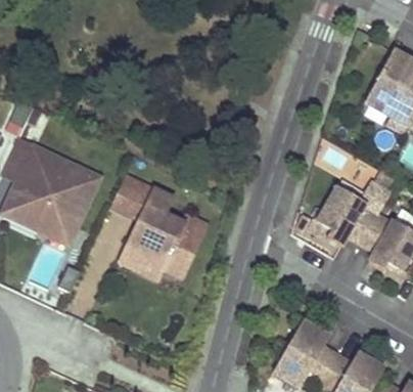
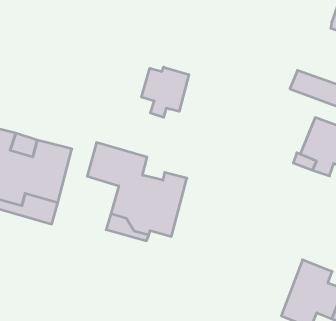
building: none -> [142,67,189,117]

